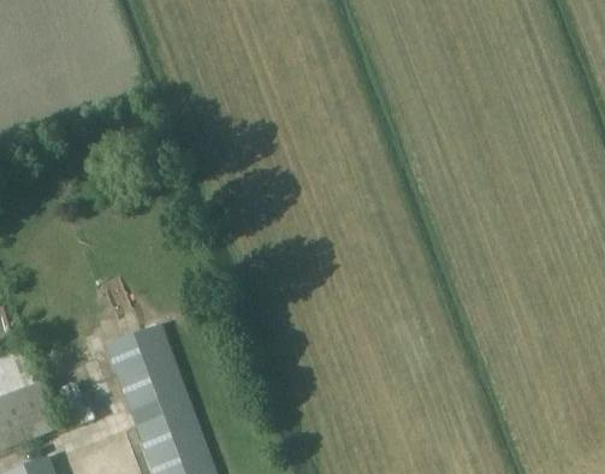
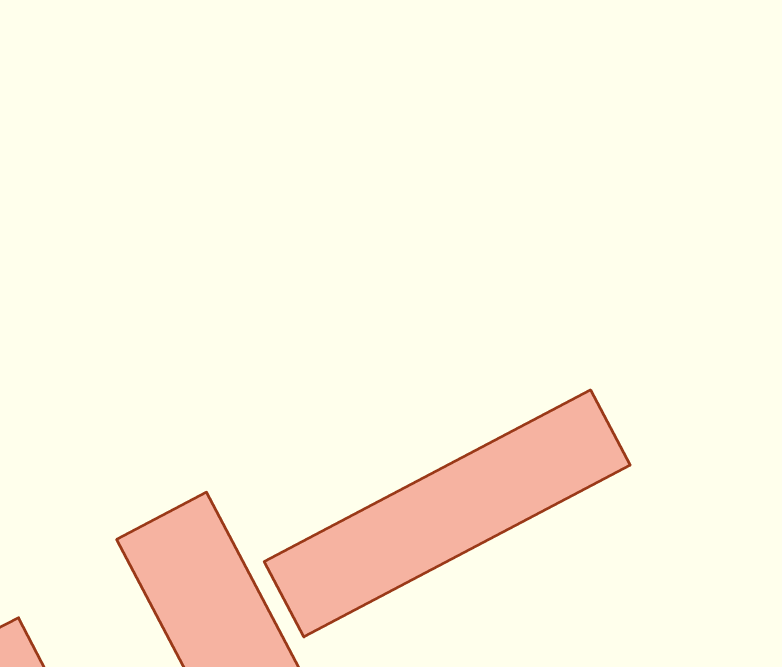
building: none -> [264,390,630,637]

